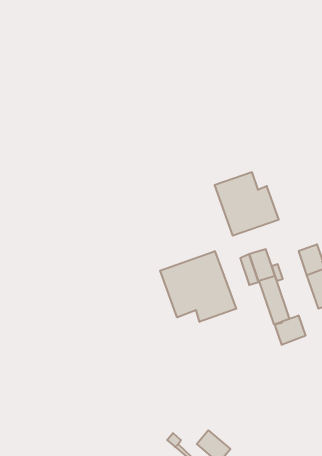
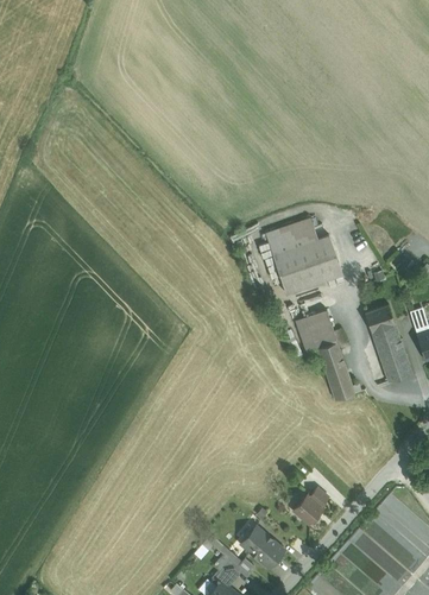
building: [160,251,236,322] -> none
building: [275,315,305,345] -> none
building: none -> [295,488,329,524]

